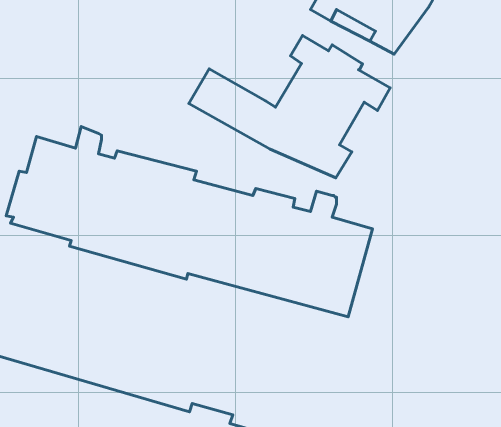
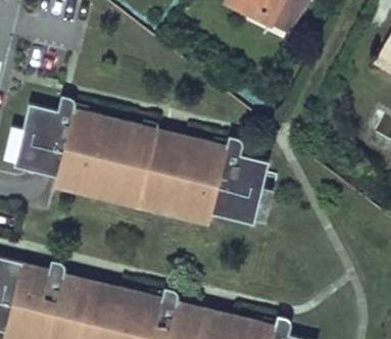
building: [189,36,390,178] -> none

